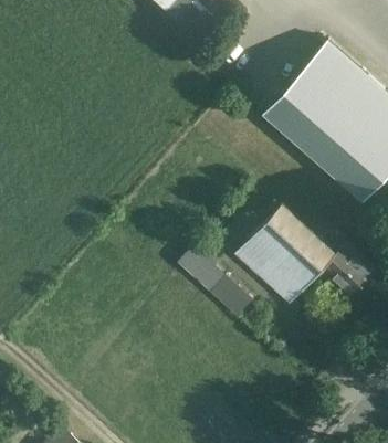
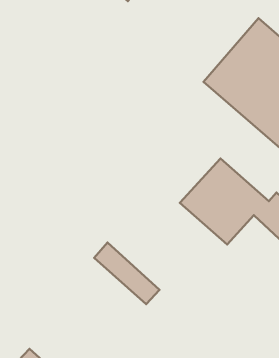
building: [178,244,254,316] -> [94,243,159,304]

